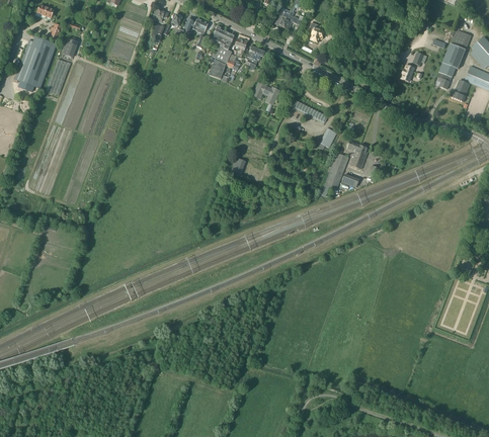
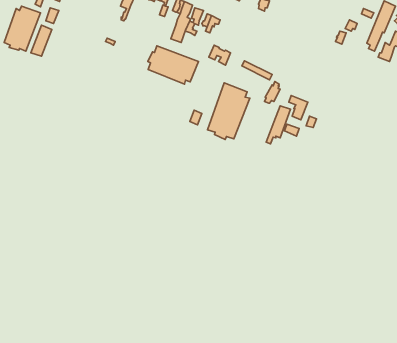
building: none -> [148,46,198,84]
building: none -> [207,83,250,140]

